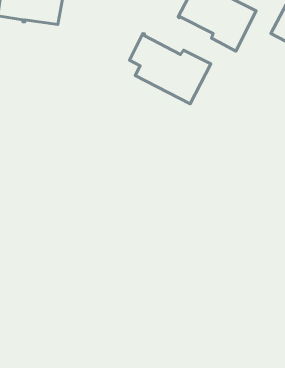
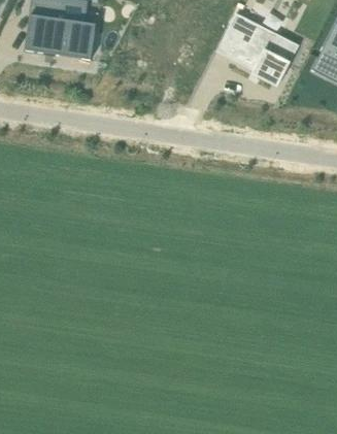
building: [130,34,211,104] -> none

